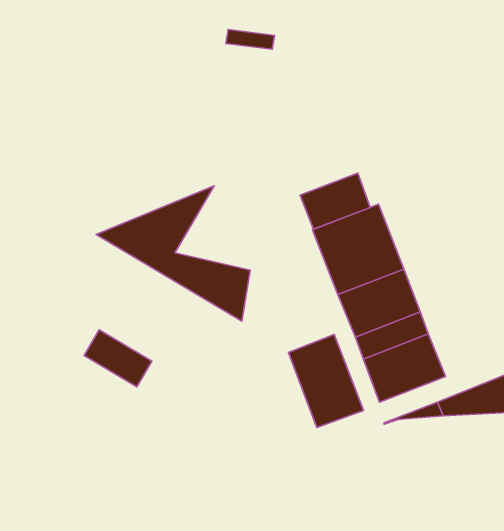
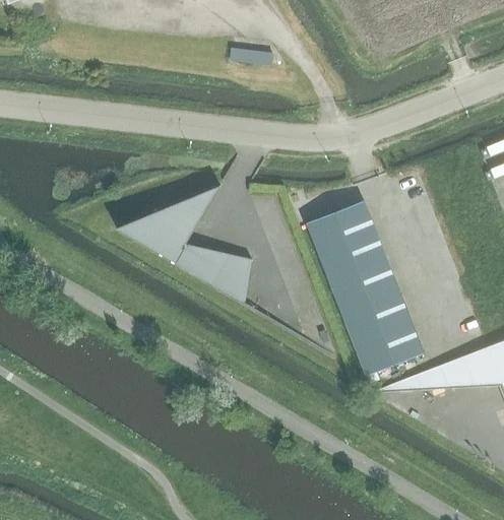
building: [300,173,370,229] -> none
building: [84,330,152,387] -> none
building: [288,334,364,427] -> none

